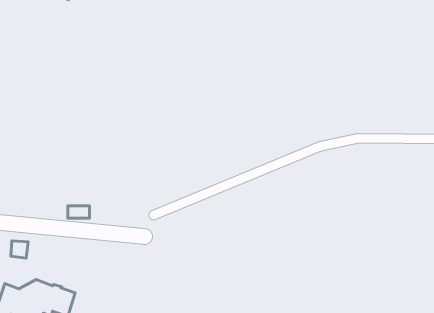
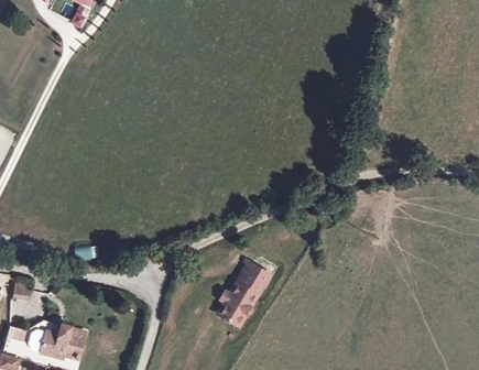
building: none -> [217,262,268,326]

